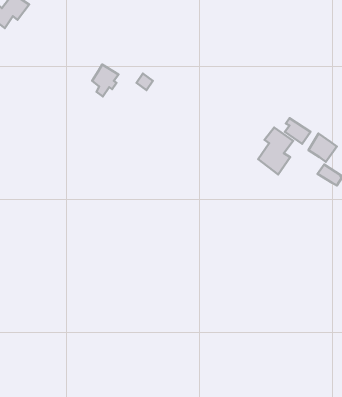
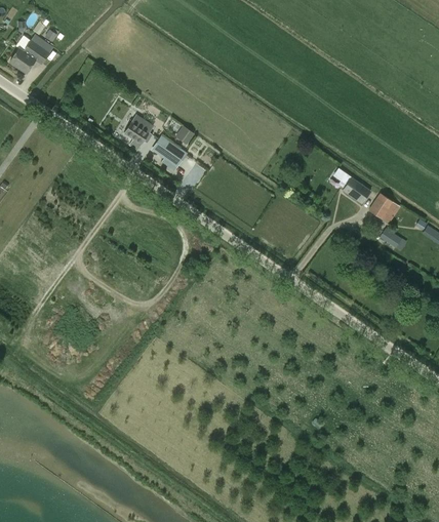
building: none -> [152,136,186,167]
building: [258,127,293,175] -> none

